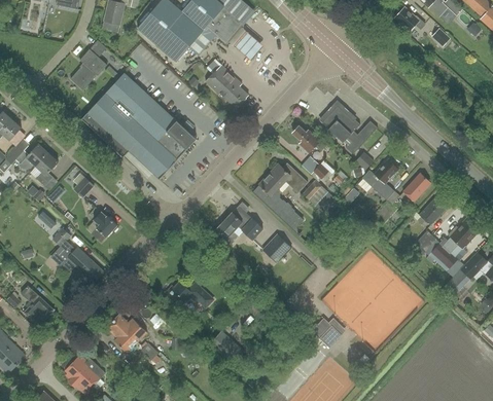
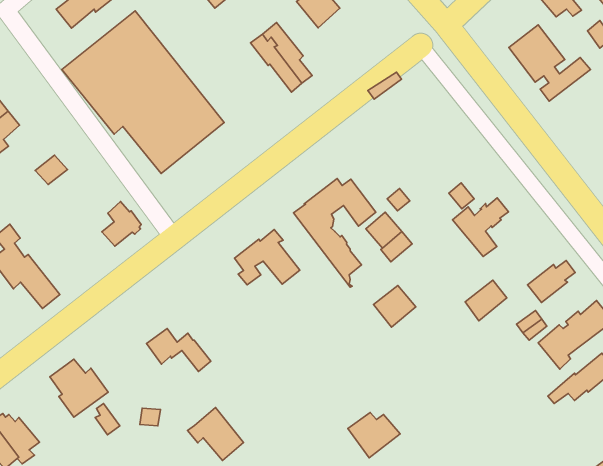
building: [319,102,377,152] -> [509,25,591,101]
building: [291,125,325,152] -> none
building: [402,172,430,200] -> [465,280,507,321]
building: [91,211,116,242] -> [102,201,141,246]
building: [262,234,291,263] -> [374,286,416,327]

